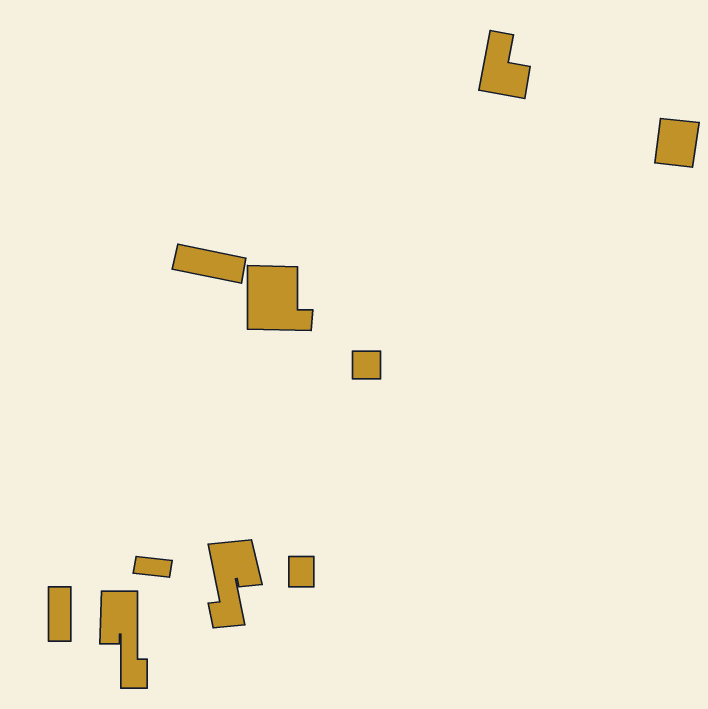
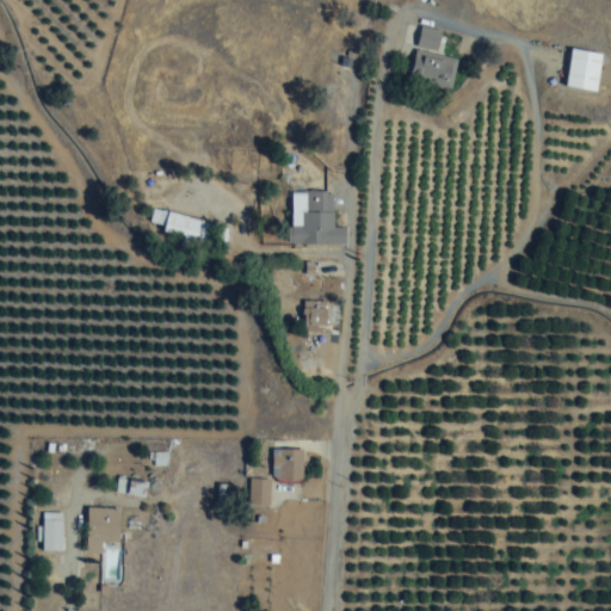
building: [655,118,699,167] -> [566,49,604,91]
building: [247,265,313,331] -> [291,190,347,246]
building: none -> [274,451,306,481]
building: [208,540,262,628] -> none

